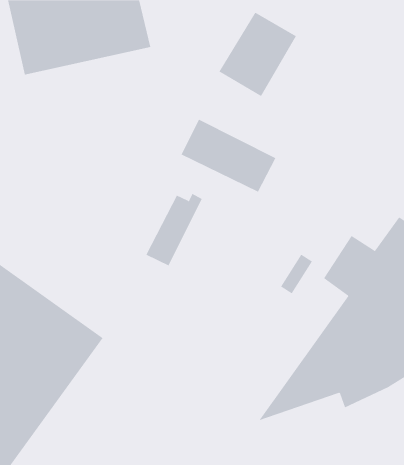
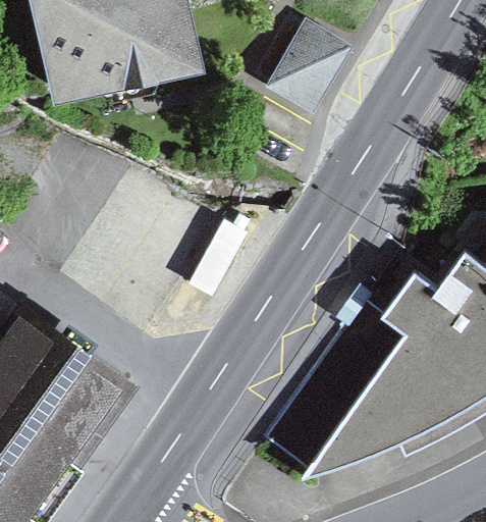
building: [181,119,276,192] -> none

